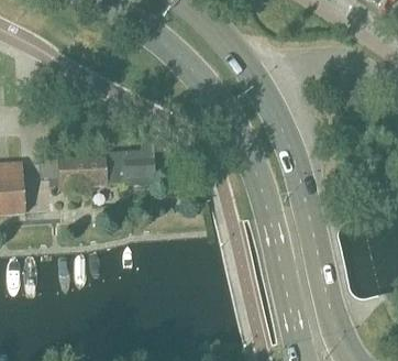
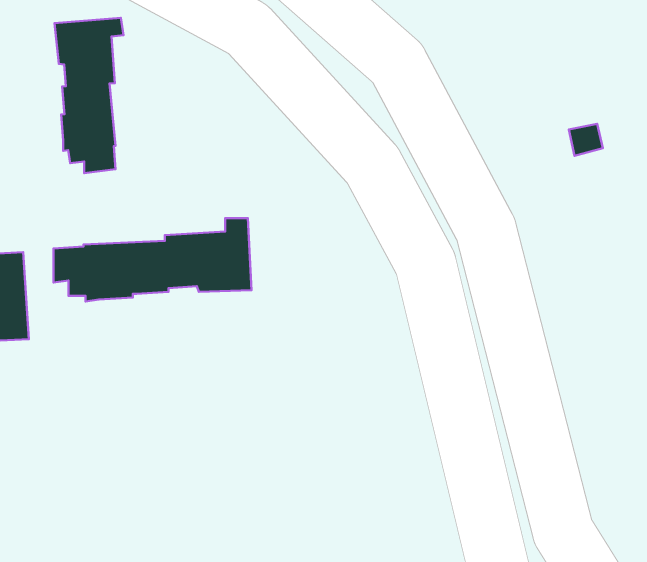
building: none -> [54,18,124,173]

